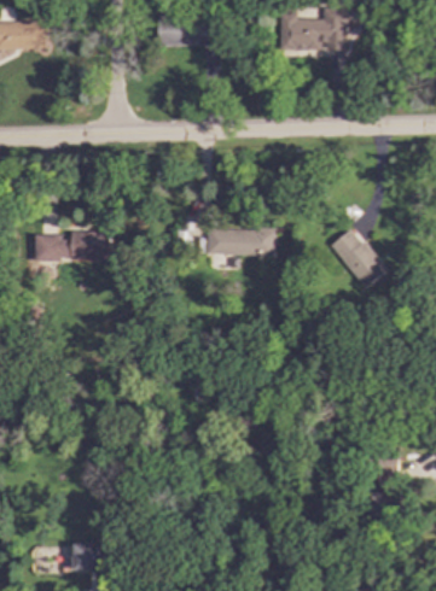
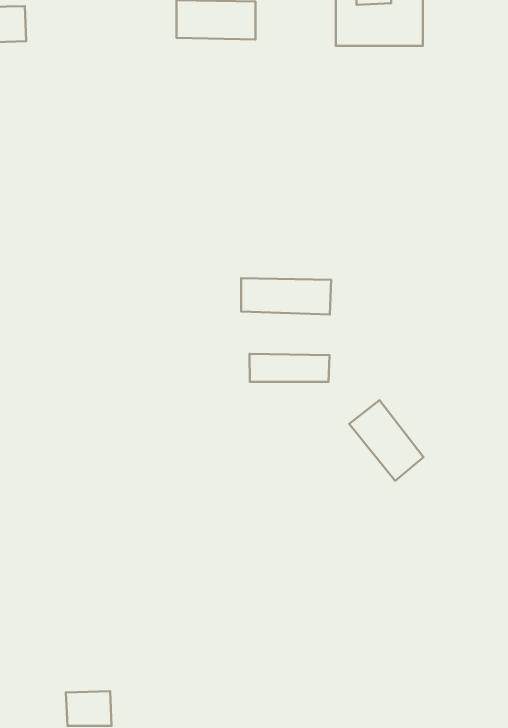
building: [329,226,385,287] -> [349,400,424,481]
building: [34,230,110,259] -> none
building: none -> [249,354,329,382]

